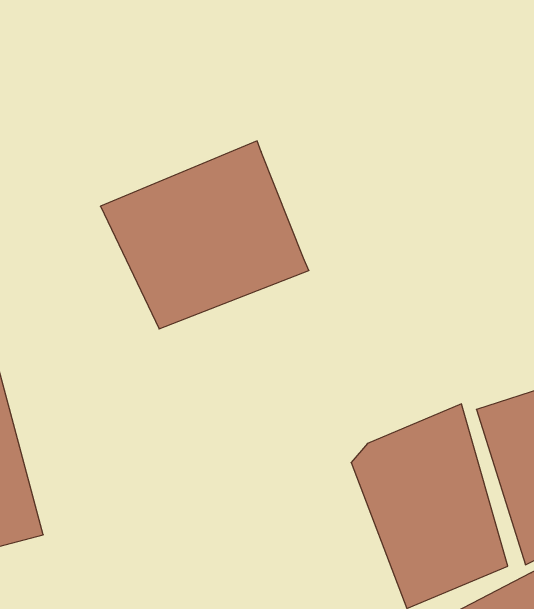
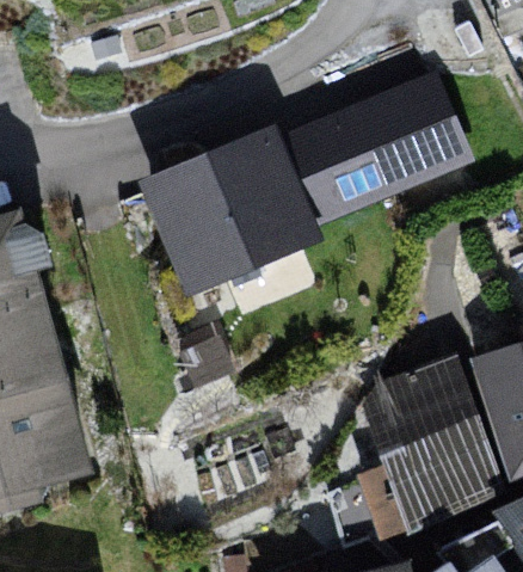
building: none -> [283,73,474,227]

